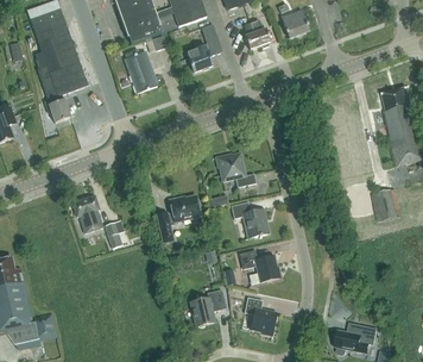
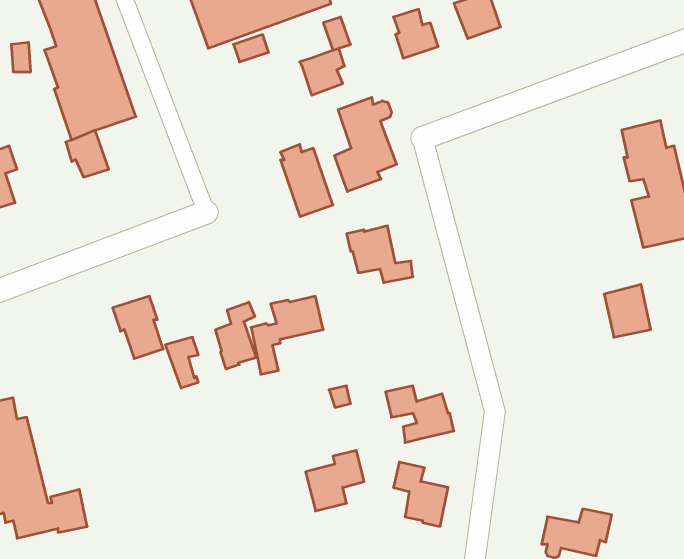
building: [125,48,157,92] -> [280,144,333,217]
building: none -> [335,97,397,192]
building: none -> [216,302,256,369]
building: [231,200,270,237] -> none

